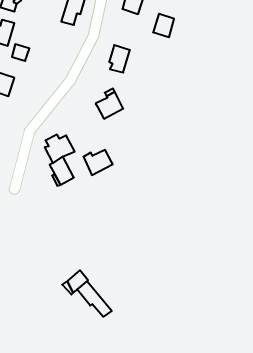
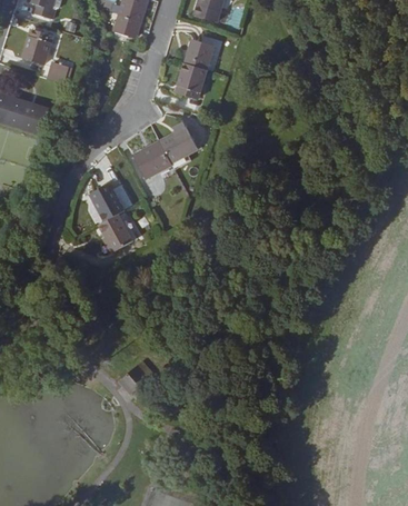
building: [153,14,174,37] -> [185,39,212,70]
building: [83,150,113,175] -> [133,145,172,178]
building: [77,281,112,317] -> none

